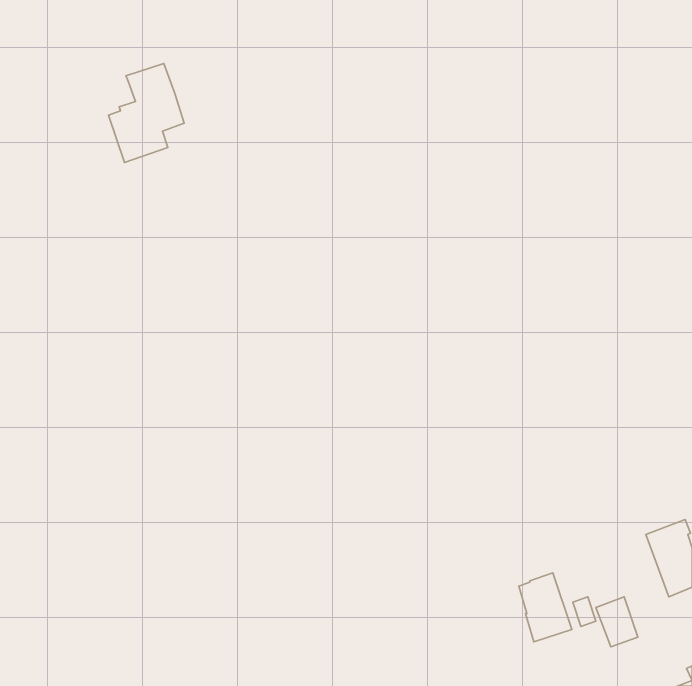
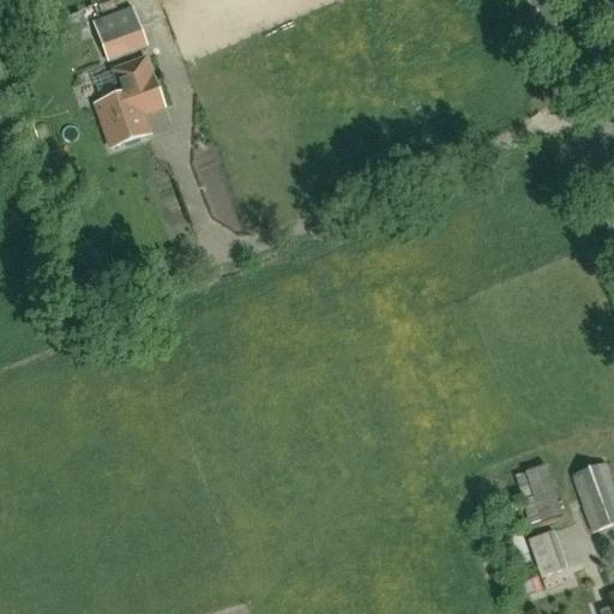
building: none -> [101,5,146,56]
building: [519,573,572,642] -> [516,462,562,523]

